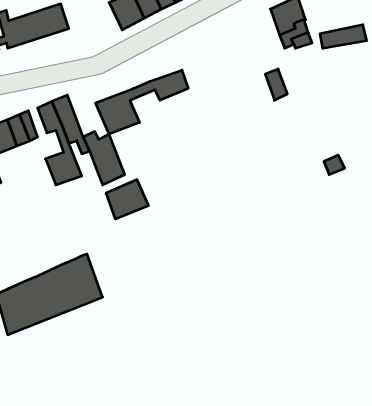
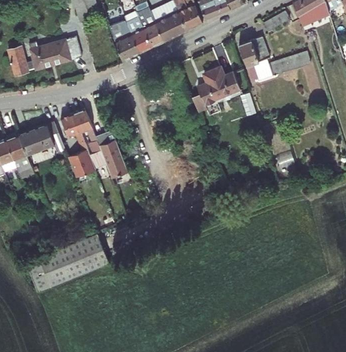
building: none -> [196,64,238,101]
building: [96,70,188,134] -> none
building: [106,180,148,219] -> none

